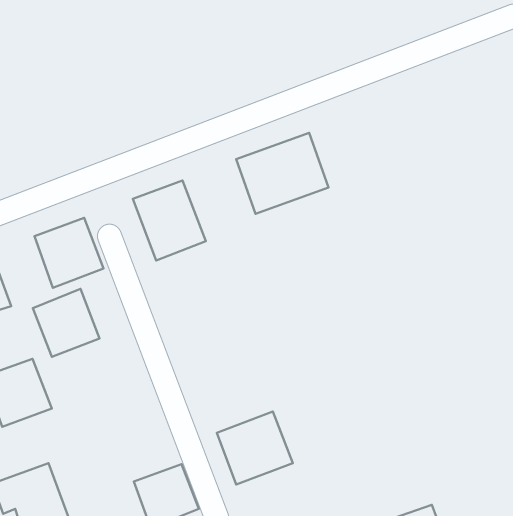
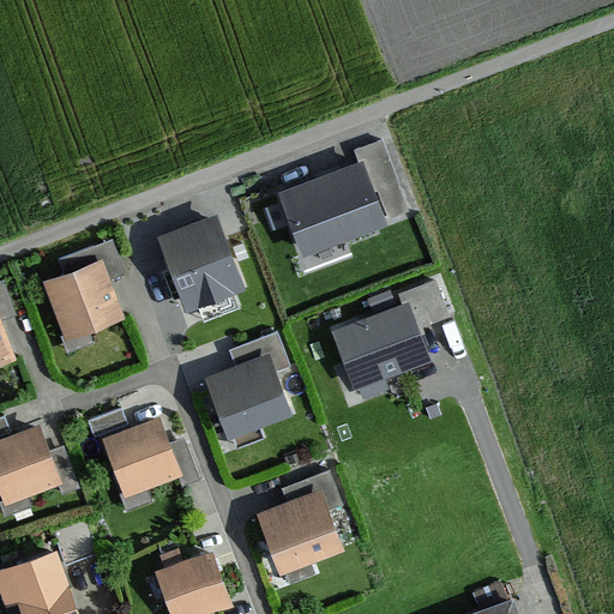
building: none -> [331,302,429,392]
building: [33,289,100,357] -> [101,417,180,498]
building: none -> [204,351,293,438]

